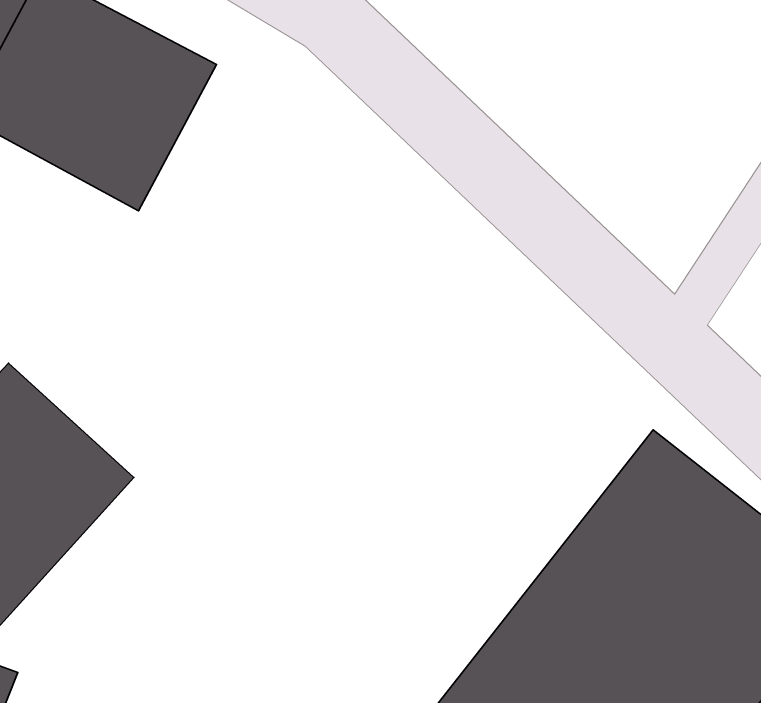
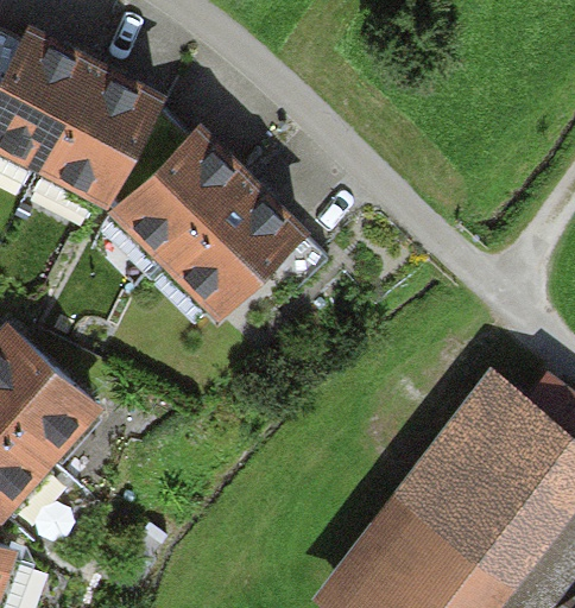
building: none -> [115,133,305,322]

